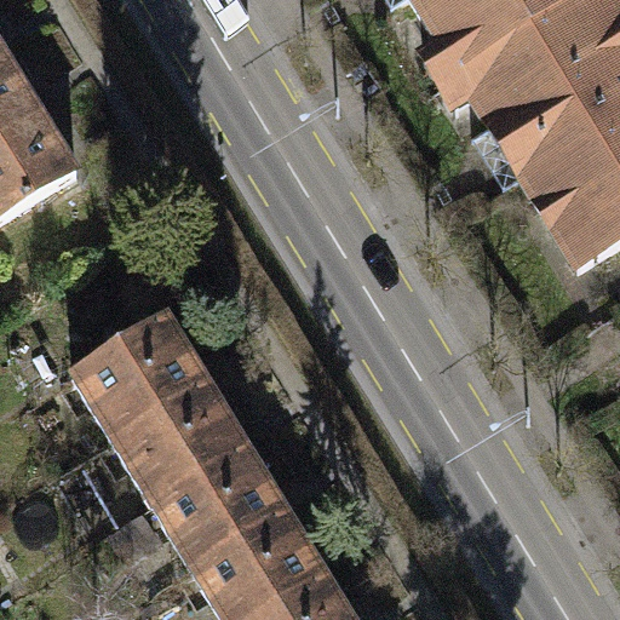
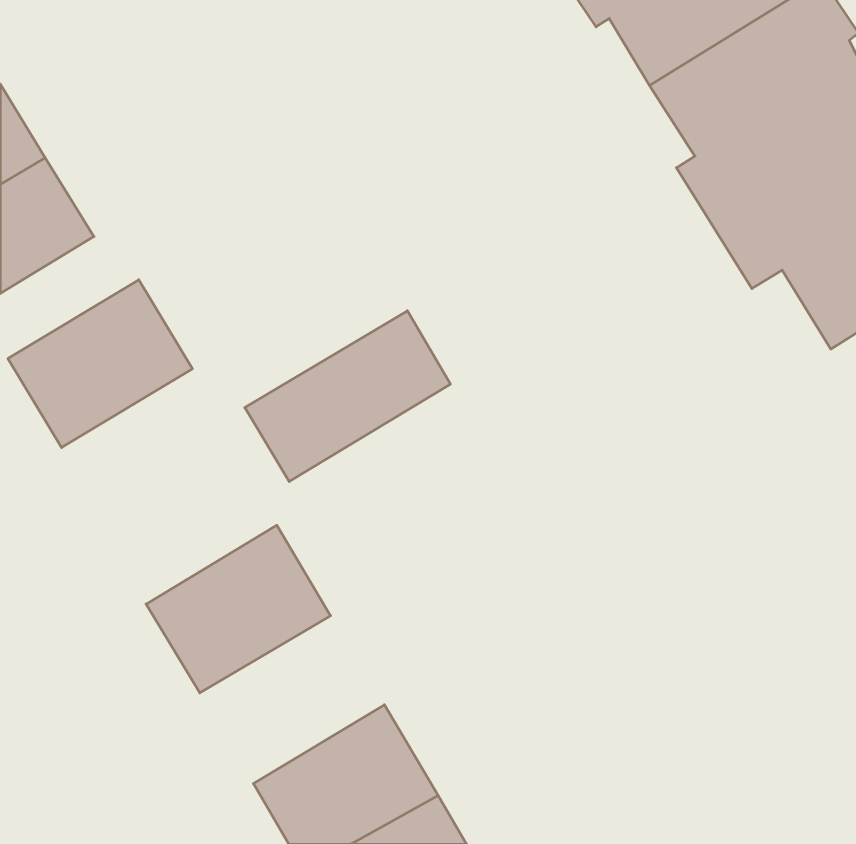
building: none -> [245,311,450,482]
building: [68,315,201,436] -> [8,280,192,448]
building: [145,444,279,566] -> none

